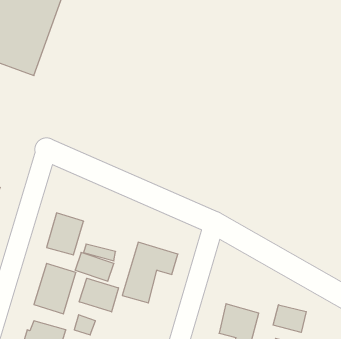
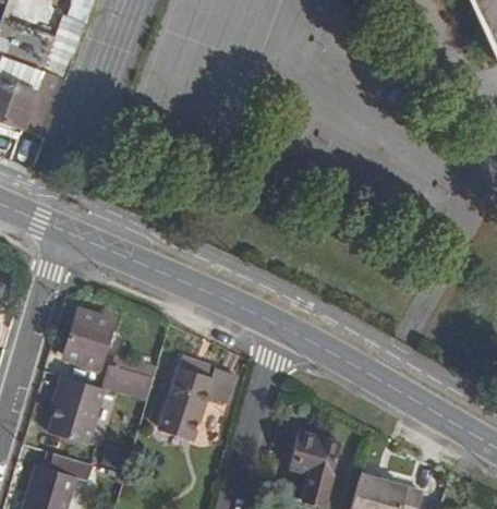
building: [79,278,118,312] -> none
building: [273,305,306,332] -> none

